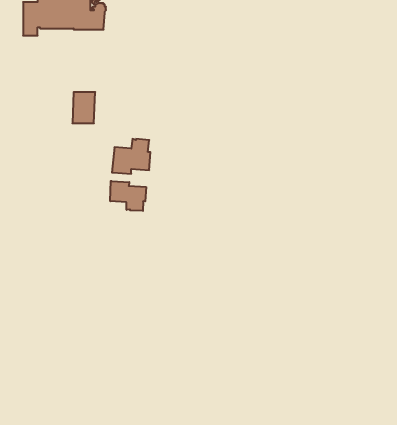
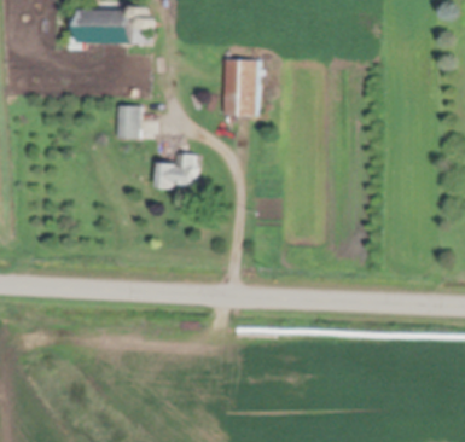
building: none -> [225,56,258,115]
building: [110,181,146,211] -> none

